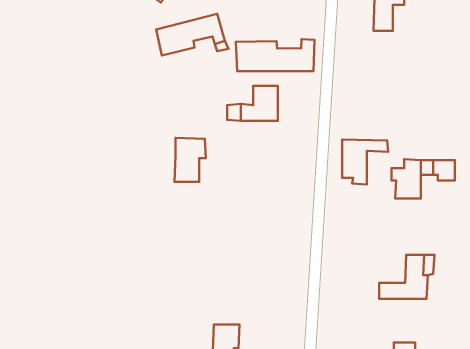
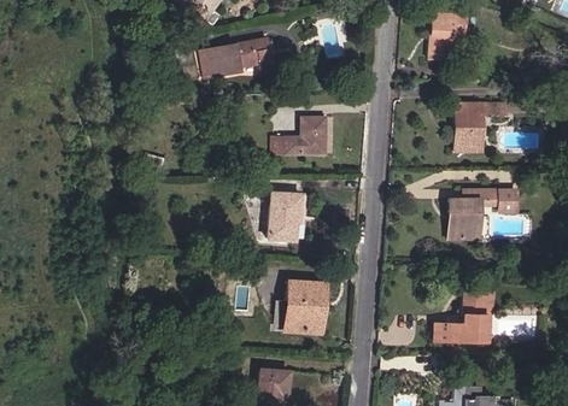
building: [236,39,314,71] -> none
building: [174,138,206,182] -> [269,193,303,240]
building: [342,139,388,184] -> [457,105,506,153]
building: none -> [286,278,326,329]

